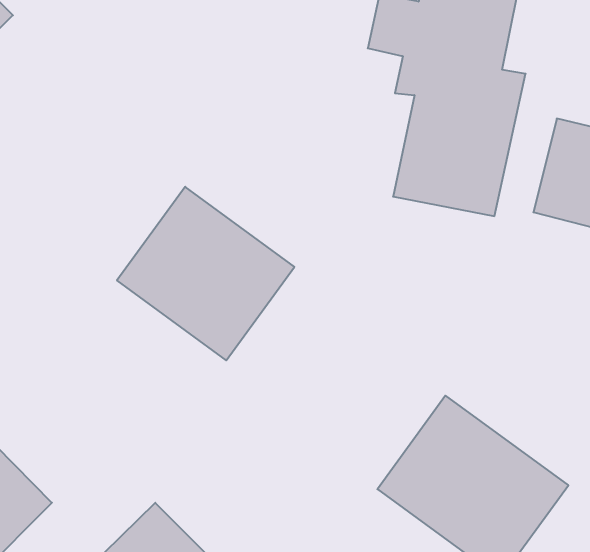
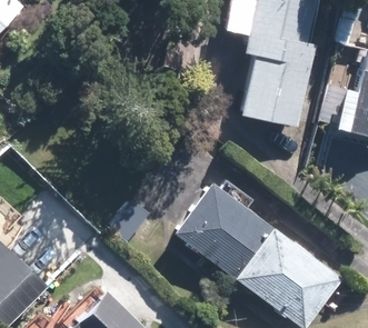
building: [117,187,294,360] -> [170,181,271,280]

